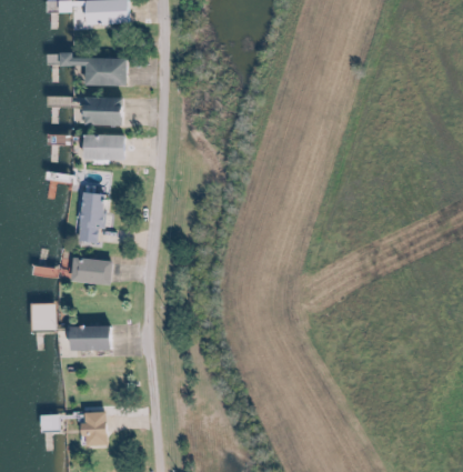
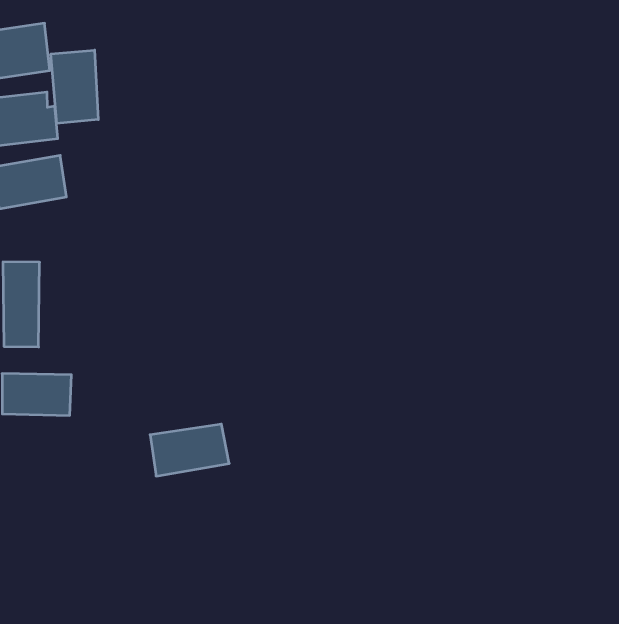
building: none -> [51,50,98,123]
building: [70,325,113,350] -> [150,424,229,476]

